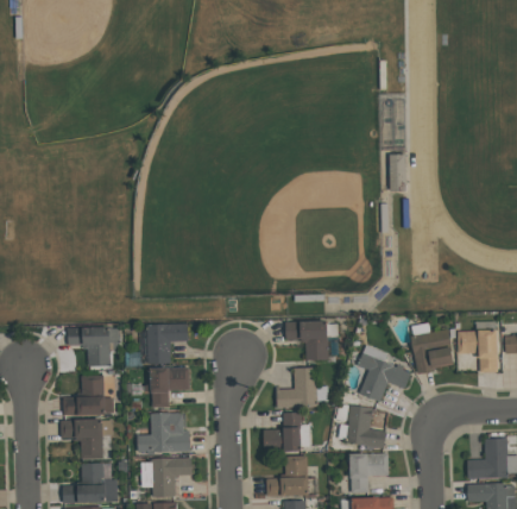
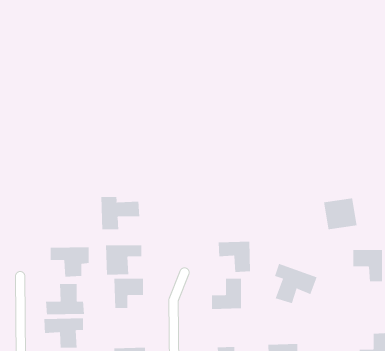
building: none -> [101,196,140,230]
building: [410,329,454,371] -> [323,198,357,230]
building: [345,404,385,448] -> none
building: [263,411,300,451] -> none
building: [135,413,190,452] -> none

